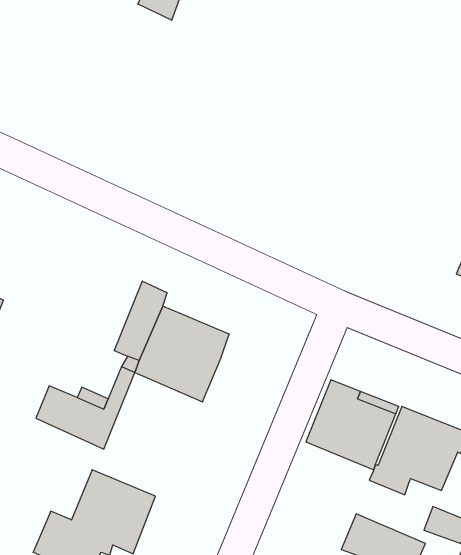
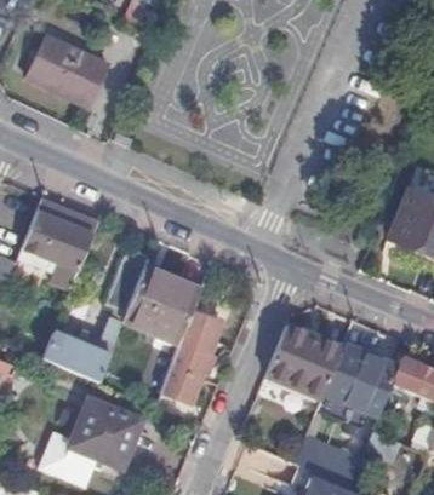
building: none -> [27,35,109,108]
building: none -> [18,200,92,290]
building: none -> [160,309,224,404]

